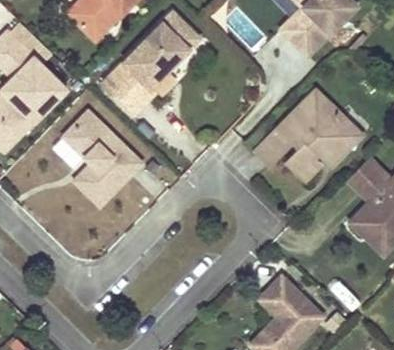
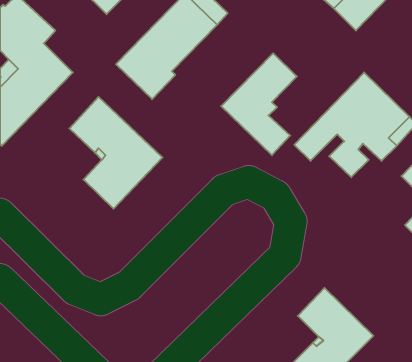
building: none -> [221,53,297,155]

